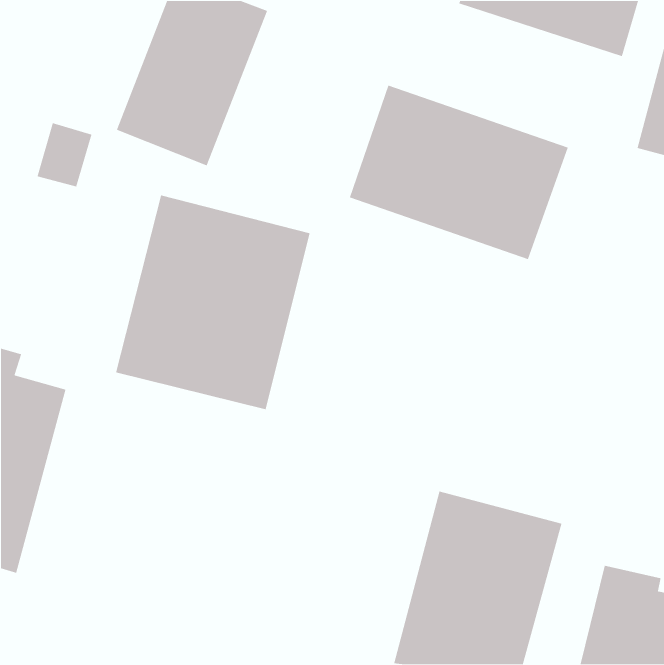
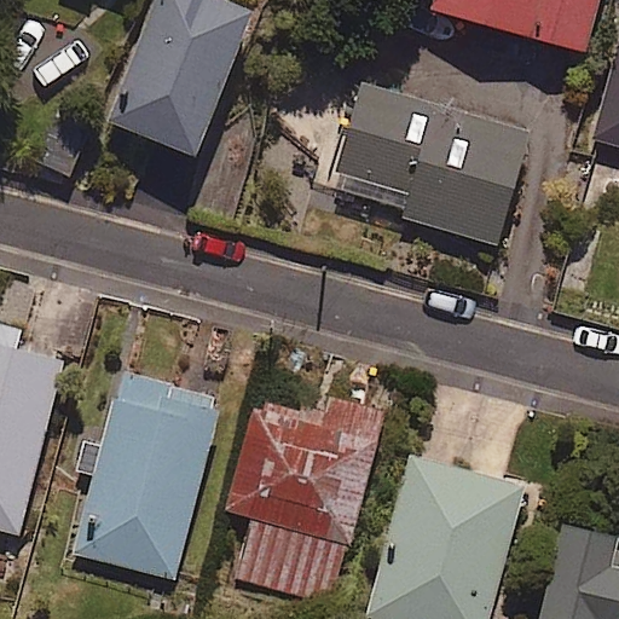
building: [115,195,311,410] -> none
building: none -> [73,374,220,579]
building: none -> [232,397,382,603]

